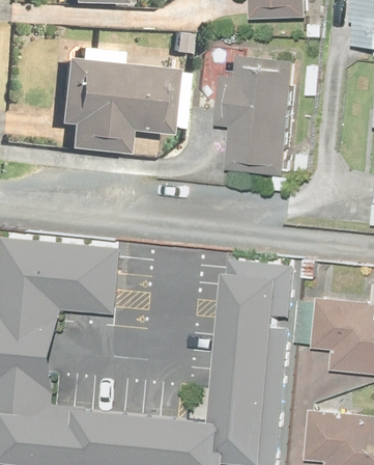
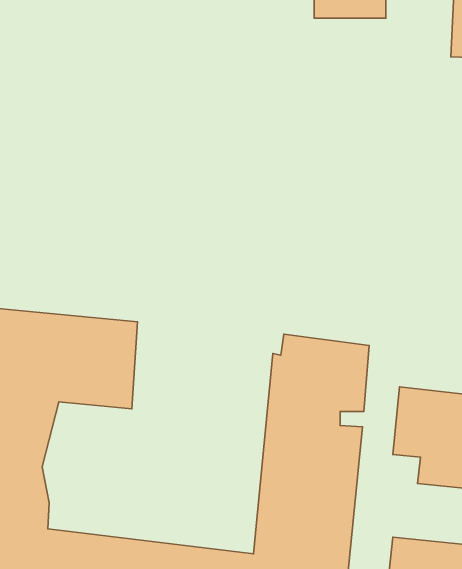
building: [52,46,168,153] -> none
building: [215,57,290,172] -> none

